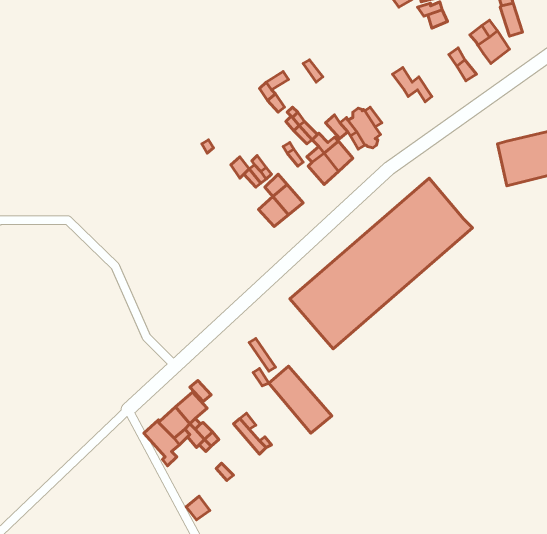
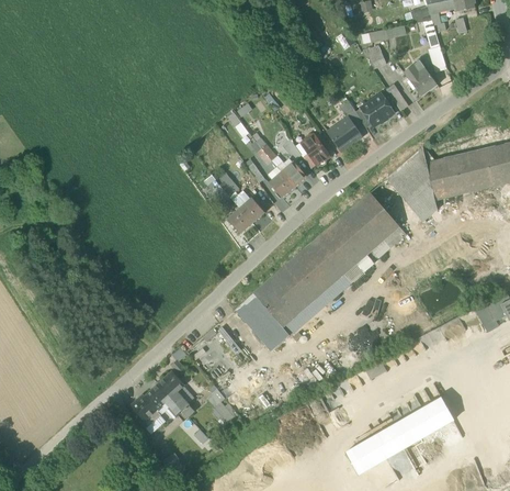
building: none -> [361,94,393,126]
building: none -> [329,119,360,149]
building: none -> [387,147,438,222]
building: [269,366,332,433] -> [237,293,290,349]
building: none -> [345,397,454,475]

